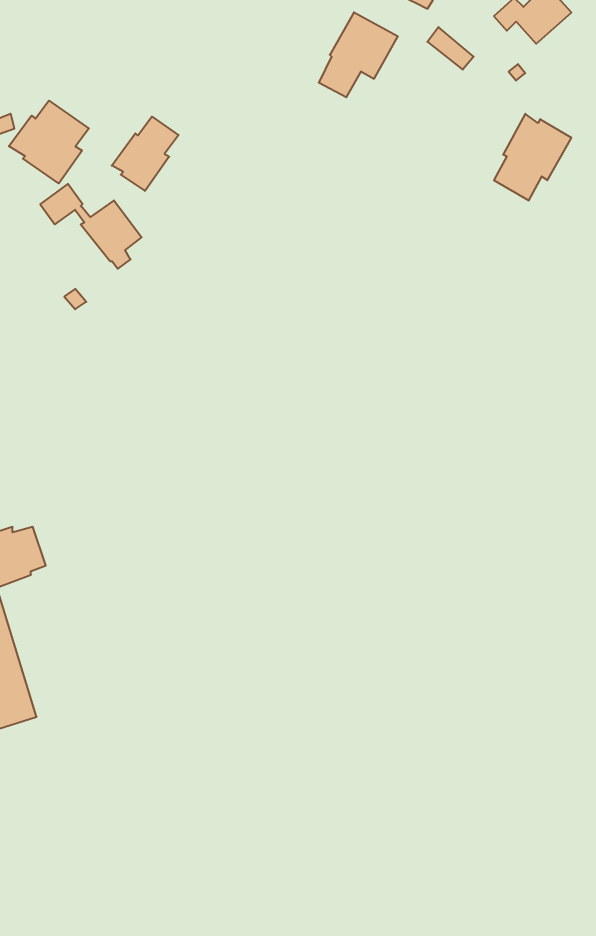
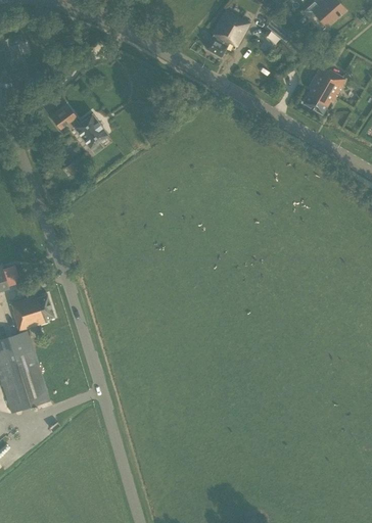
building: [9,101,89,183] -> none
building: [112,117,179,191] -> none

